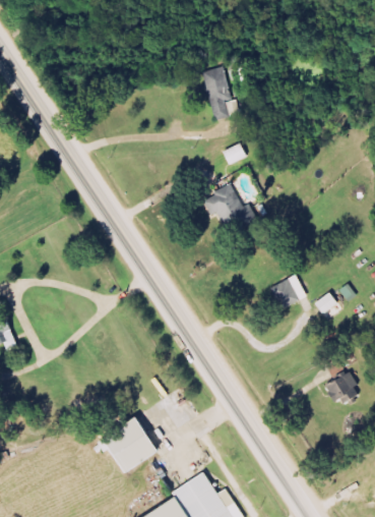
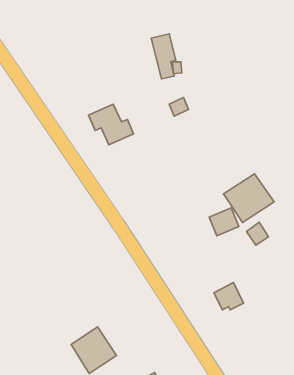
building: [201,184,255,233] -> [88,104,133,145]
building: none -> [223,174,274,222]
building: [323,370,359,403] -> [214,283,244,310]

